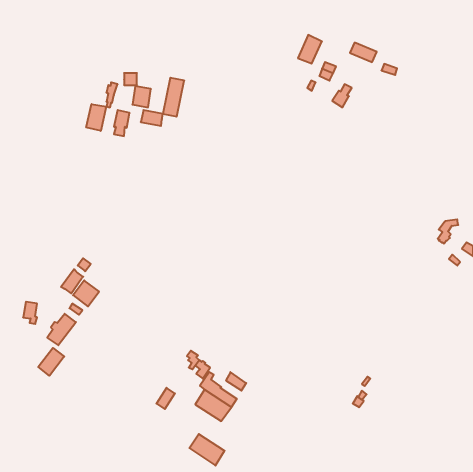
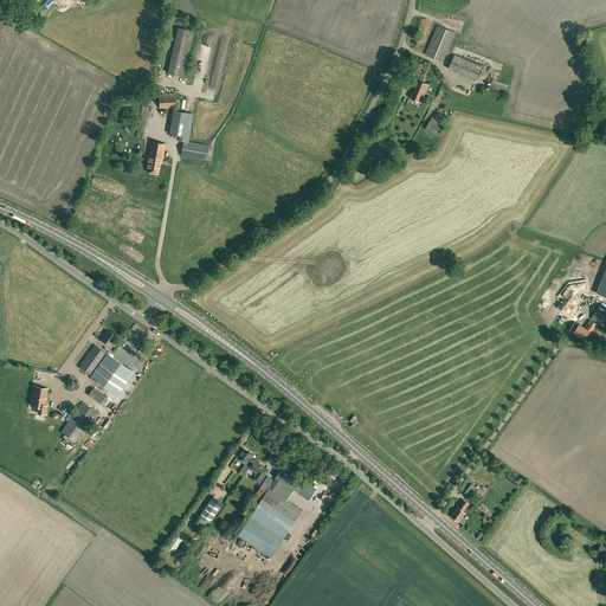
building: [298,35,322,64] -> [425,26,456,63]
building: [163,78,184,117] -> [168,28,195,78]
building: [86,104,106,131] -> none
building: [38,348,64,376] -> none
building: [189,434,225,466] -> [238,518,283,559]

